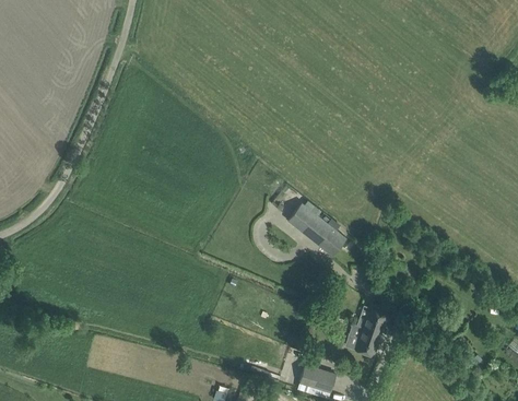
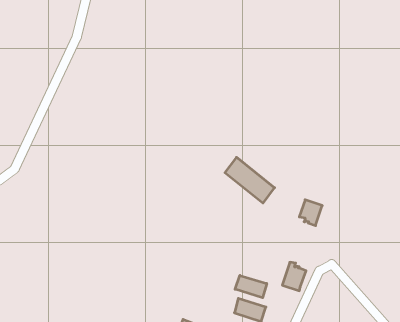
building: [362,304,388,333] -> [299,200,322,226]
building: none -> [235,275,267,298]

